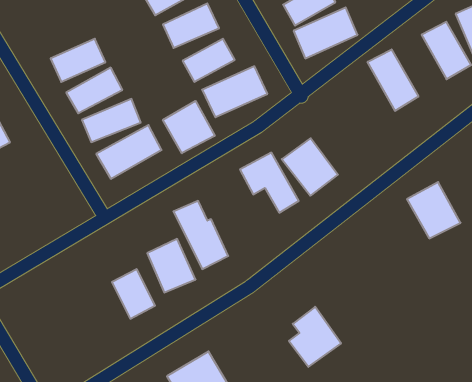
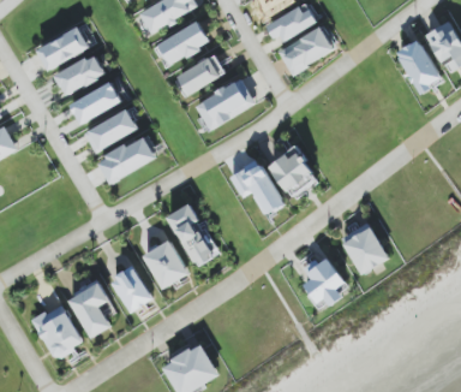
building: none -> [35,28,89,70]
building: [368,49,418,111] -> none
building: [163,101,215,153] -> none
building: [407,182,461,238] -> [339,222,388,274]
building: none -> [66,280,109,338]
building: [289,307,341,367] -> [300,255,348,310]
building: none -> [31,304,83,360]

